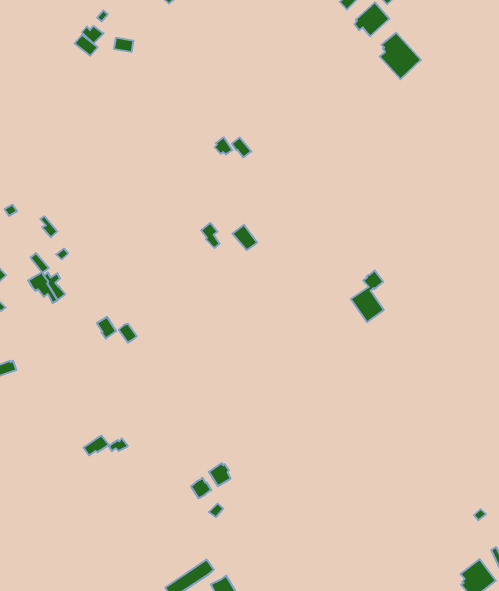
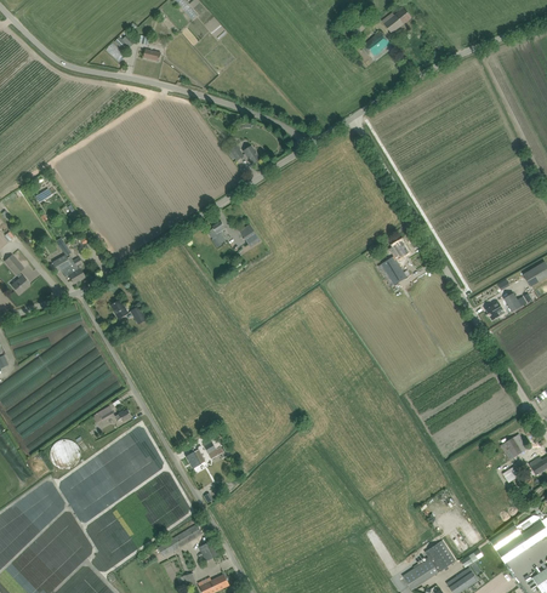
building: [380,33,421,79] -> none
building: [351,270,384,322] -> [378,241,409,287]

